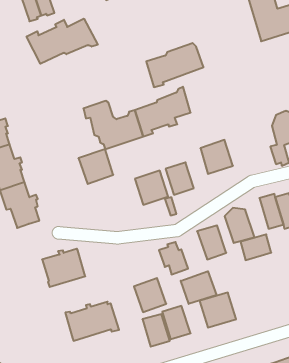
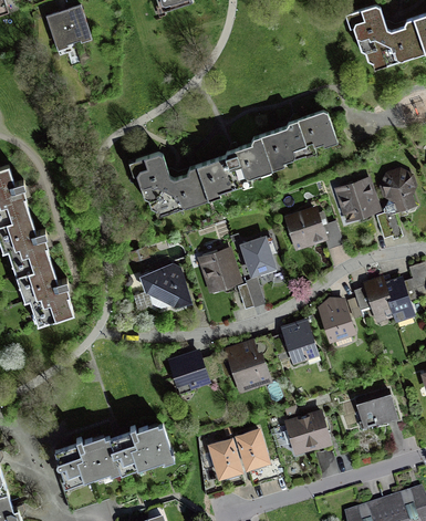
building: [27,19,98,64] -> none
building: [146,43,204,87] -> [261,111,337,169]
building: none -> [333,175,381,221]
building: [78,149,113,184] -> [142,262,188,309]
building: [240,234,271,260] -> [356,394,397,428]
building: [42,249,85,287] -> [56,434,114,484]
building: [181,271,217,304] -> none
building: [134,278,166,312] -> [168,350,211,395]

